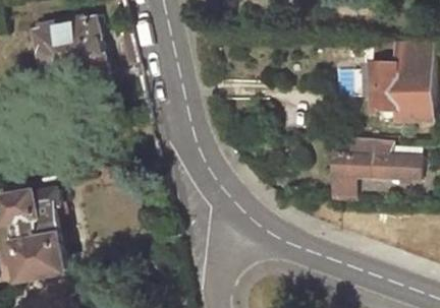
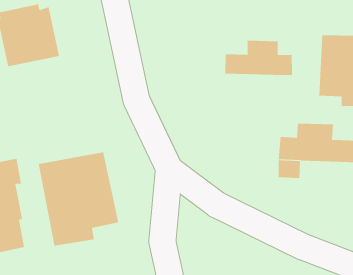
building: none -> [225,40,292,76]
building: none -> [38,151,119,247]

